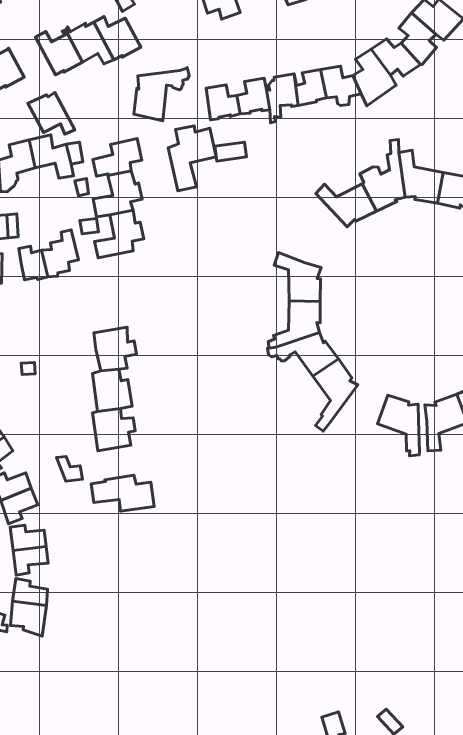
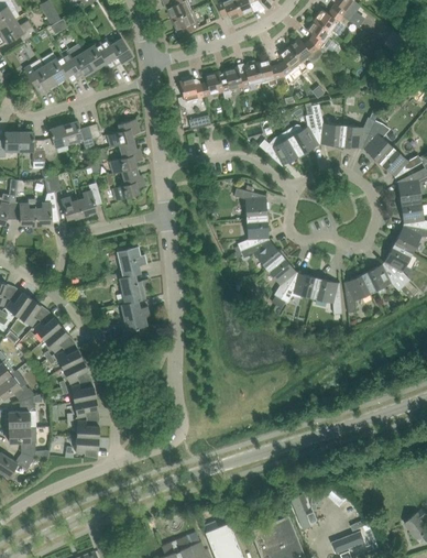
building: [134,68,189,121] -> none
building: [28,92,75,134] -> [44,56,77,84]
building: [168,126,216,191] -> none
building: none -> [276,273,318,309]
building: [91,475,154,511] -> none

